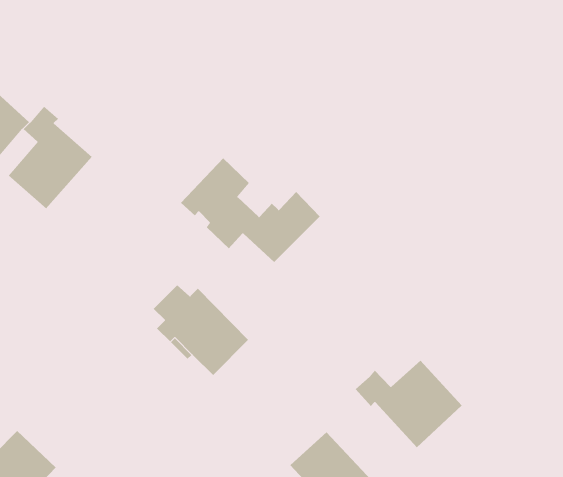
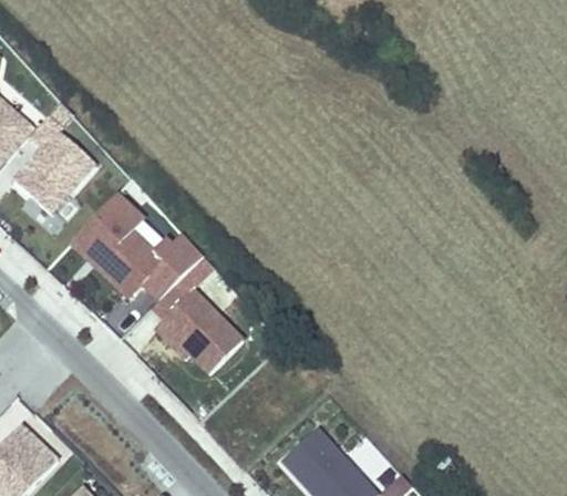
building: [180,158,320,263] -> [71,199,205,300]
building: [355,360,463,448] -> none

